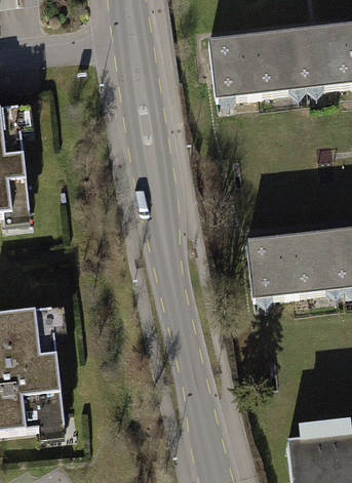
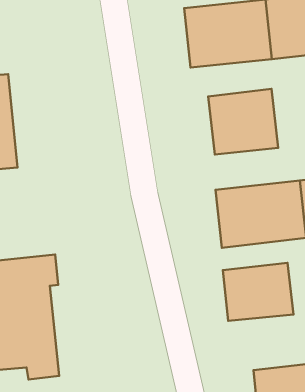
building: none -> [208,89,278,154]
building: none -> [223,263,293,321]

